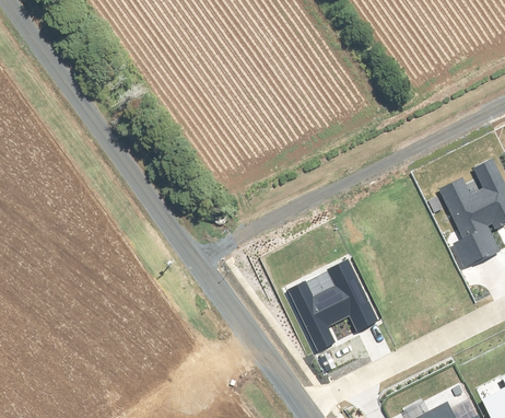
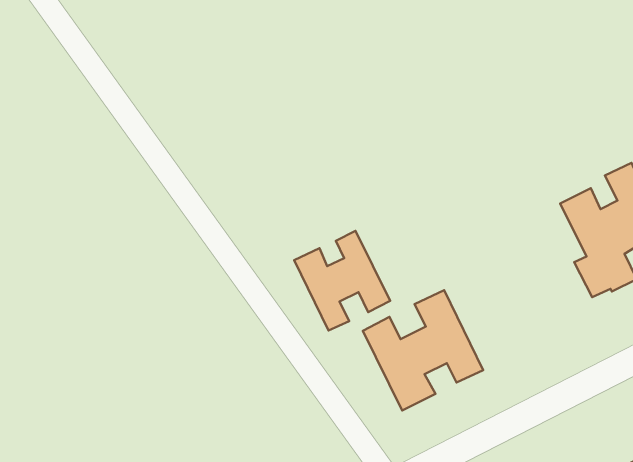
building: none -> [294,231,390,331]

